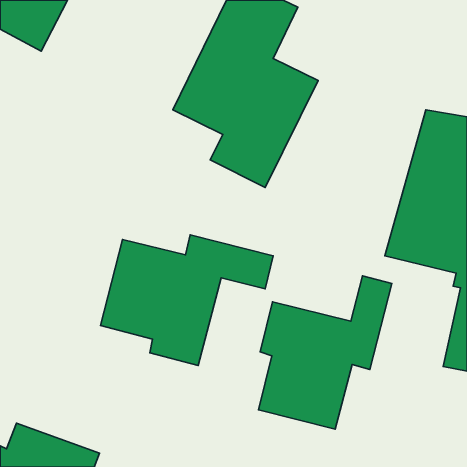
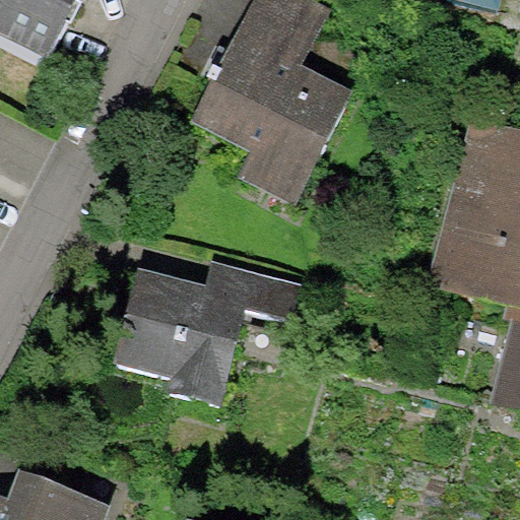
building: [259,276,392,429] -> none

